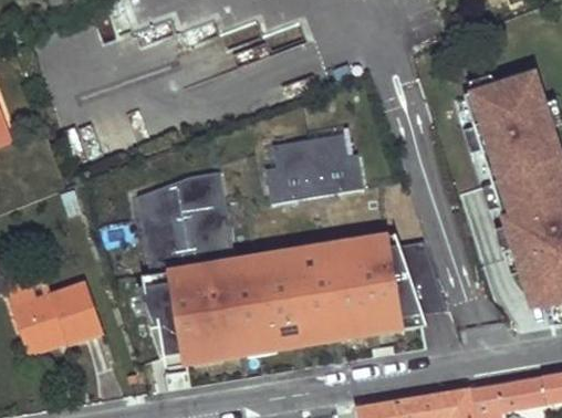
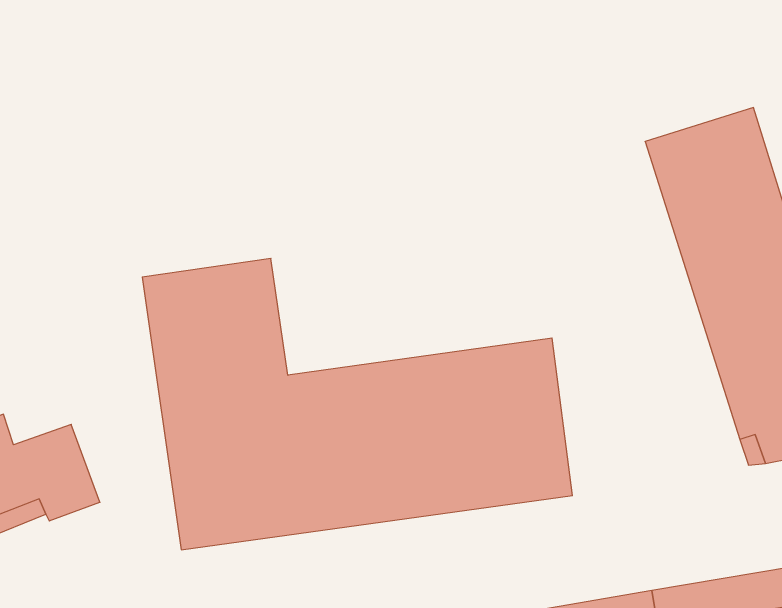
building: [261,133,364,202] -> none

